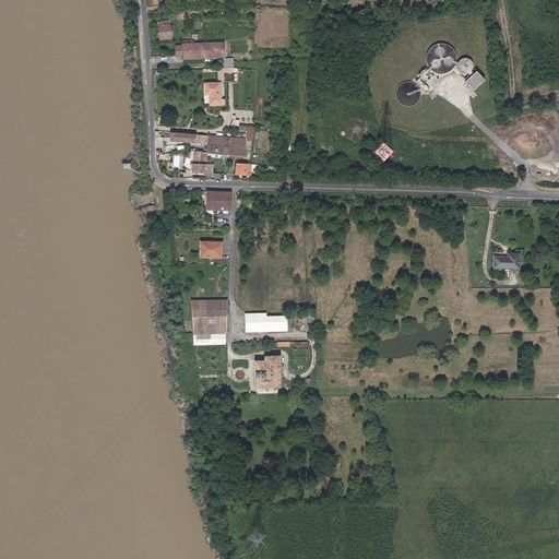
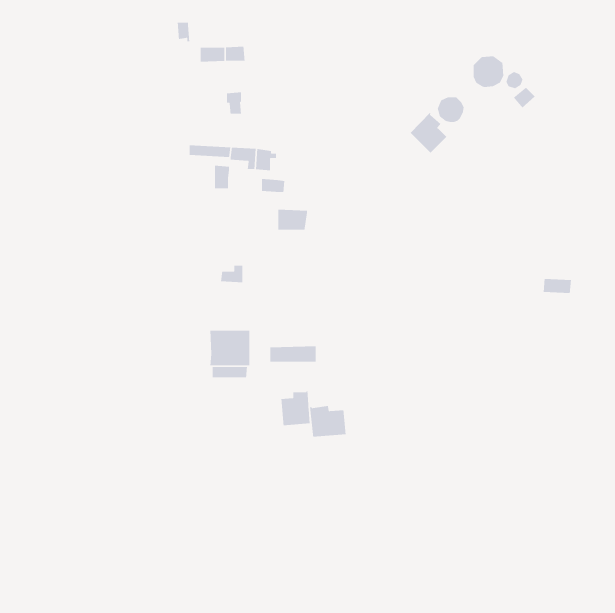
building: none -> [410,112,447,154]
building: [206,189,234,209] -> [278,209,308,231]
building: none -> [309,405,346,438]

